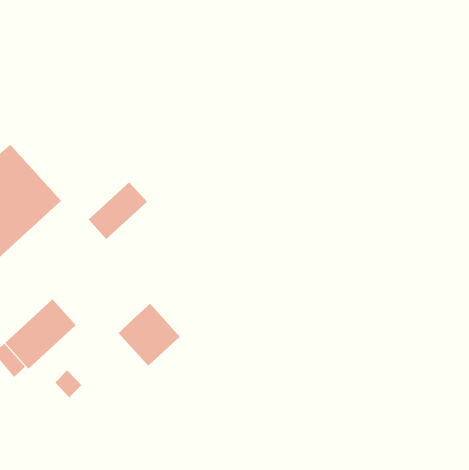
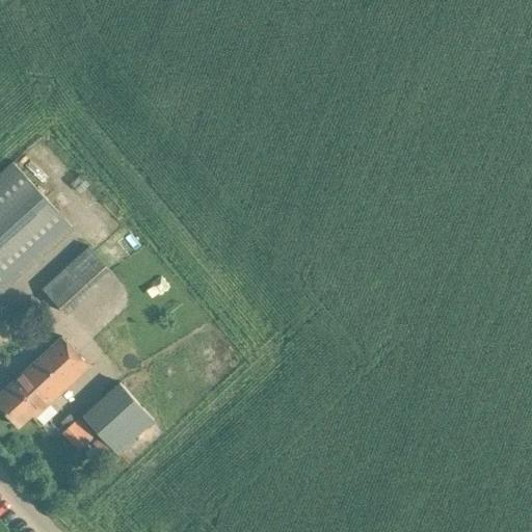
building: [88,182,148,240] -> [37,248,105,314]
building: [118,303,180,366] -> [81,382,152,454]

